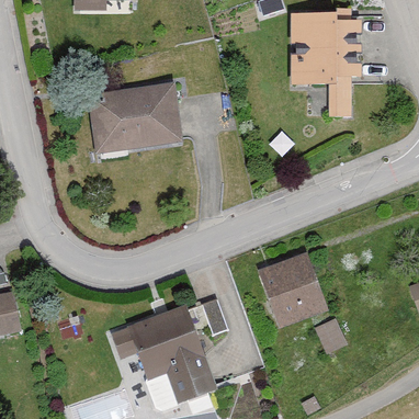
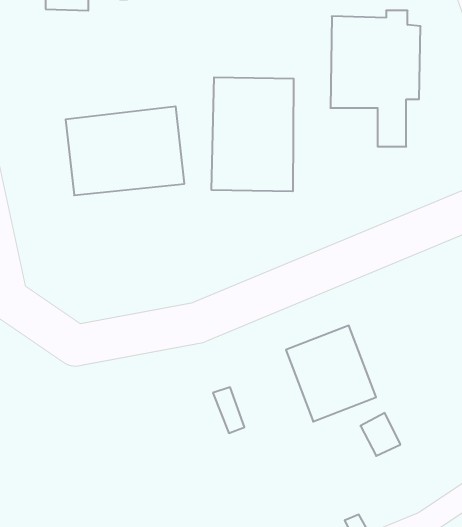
building: none -> [212,77,294,191]
building: [107,303,214,399] -> none

